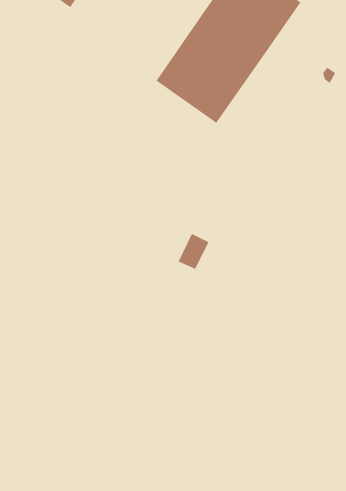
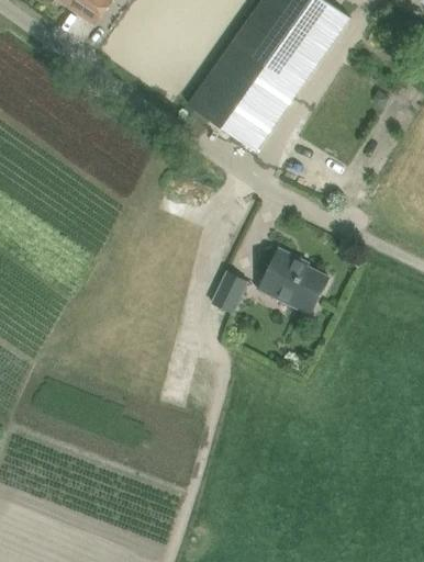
building: none -> [258,248,328,314]

